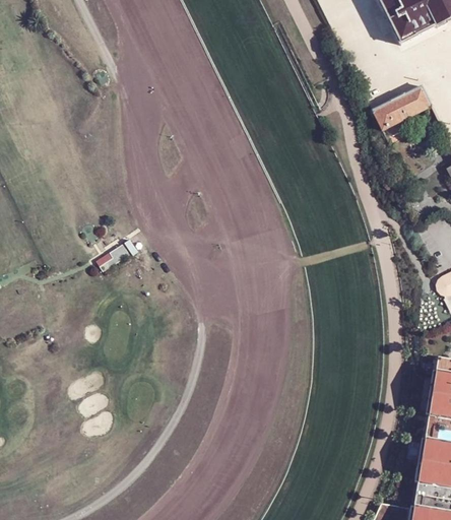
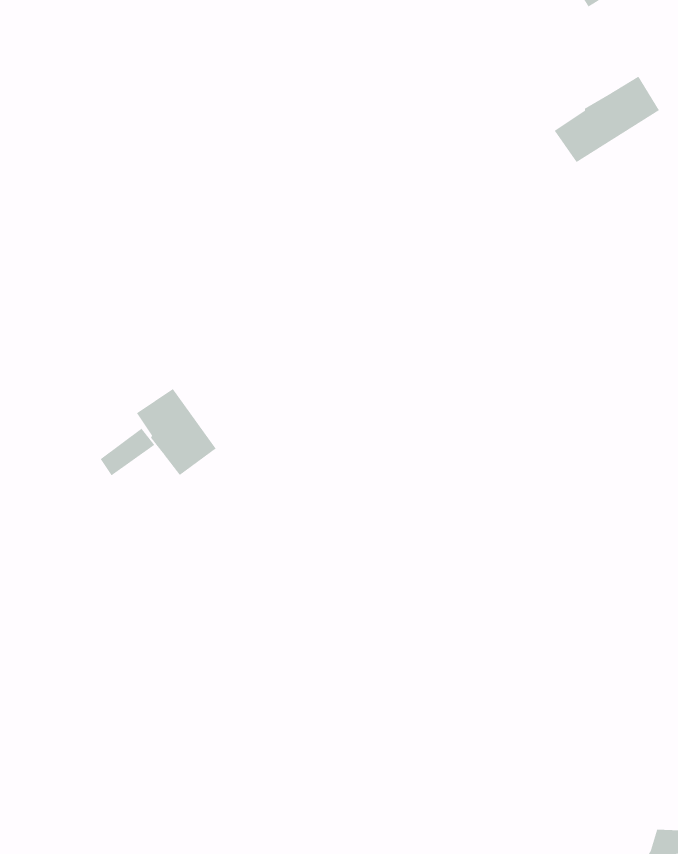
building: none -> [136,388,216,476]

